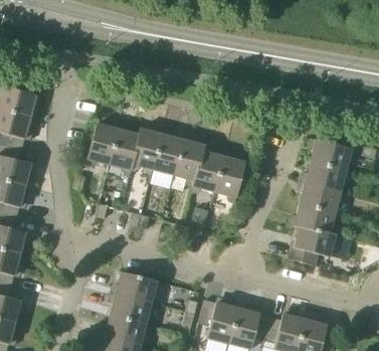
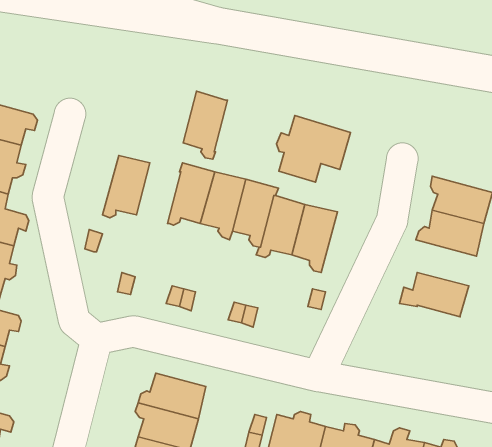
building: none -> [276,115,350,182]
building: [109,129,139,175] -> [183,91,227,159]
building: [298,181,340,212] -> none
building: [288,225,335,266] -> none

